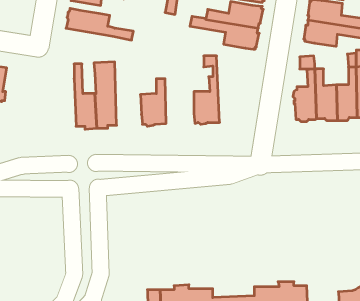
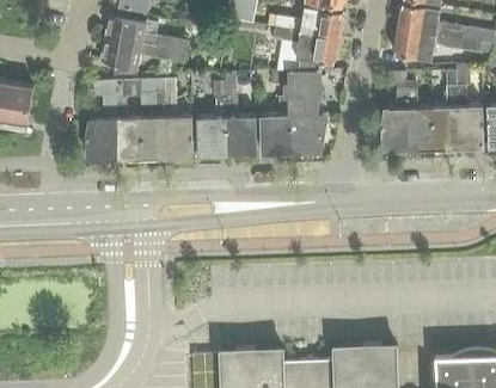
building: none -> [102,38,185,76]
building: none -> [288,70,326,152]
building: none -> [225,72,257,154]
building: none -> [165,79,194,158]
building: none -> [87,81,118,161]

